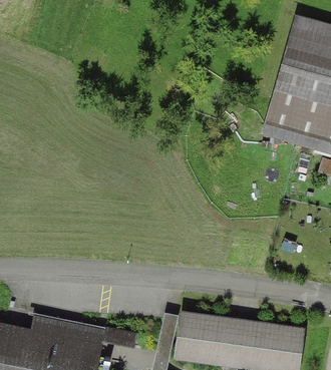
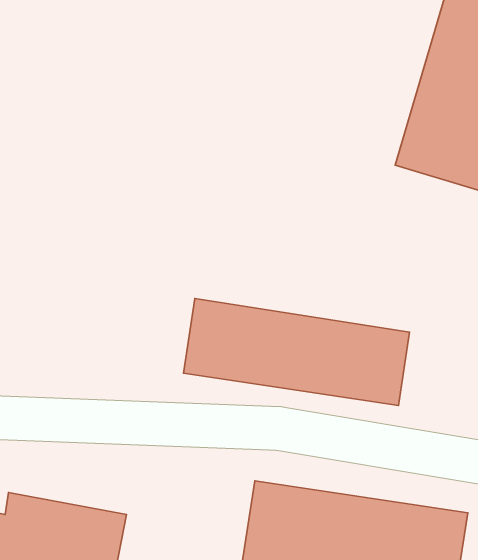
building: none -> [183,299,409,405]

